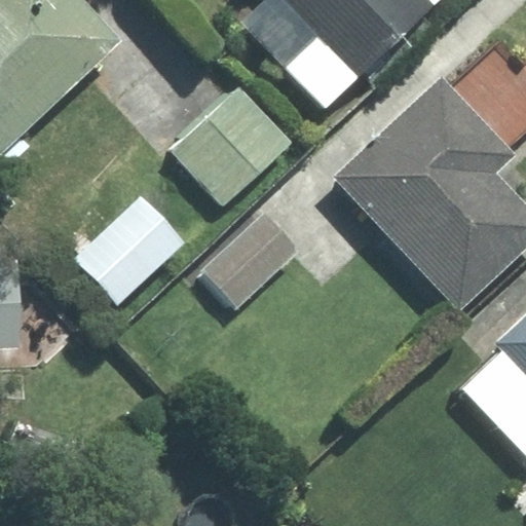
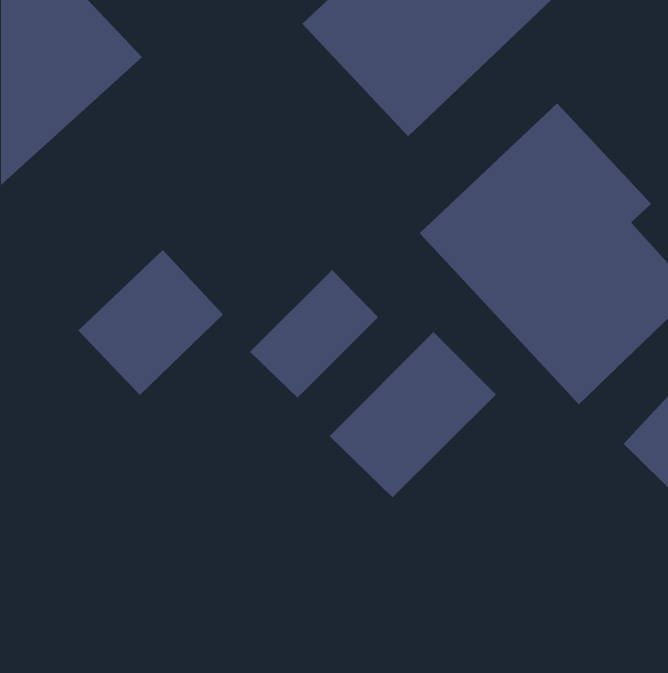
building: [172,85,292,205] -> none
building: none -> [329,331,497,498]

